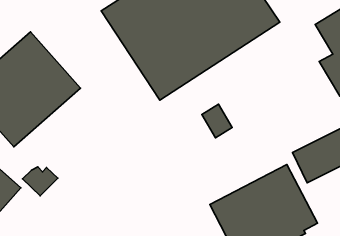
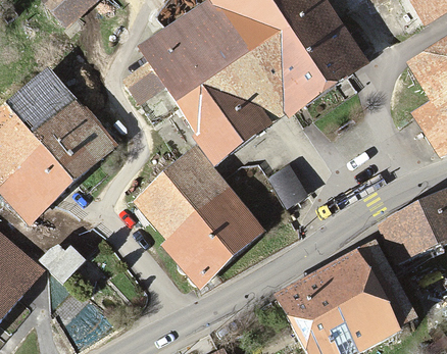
building: none -> [135,150,264,286]

